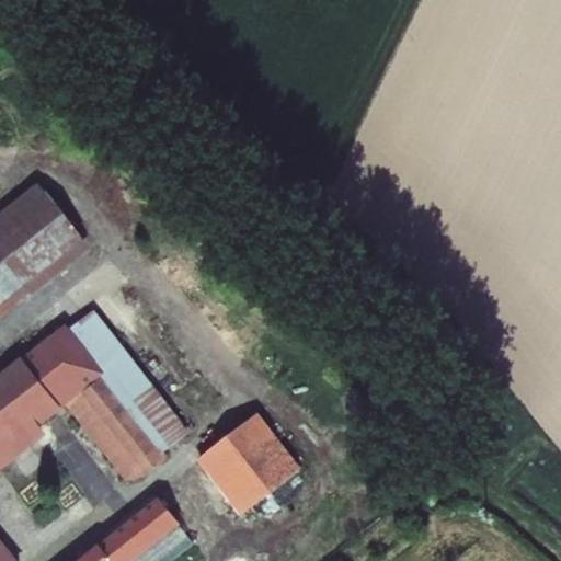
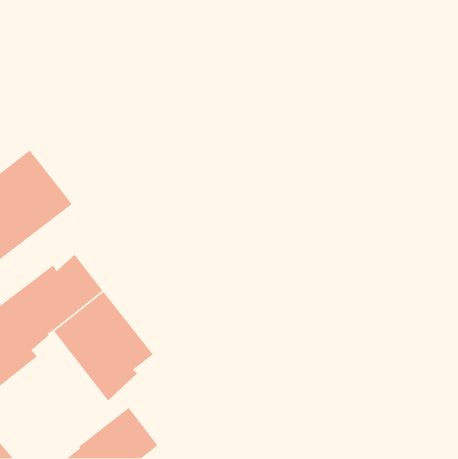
building: [196,411,300,514] -> none

